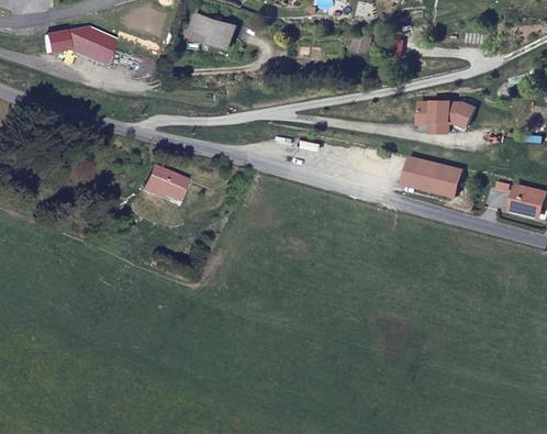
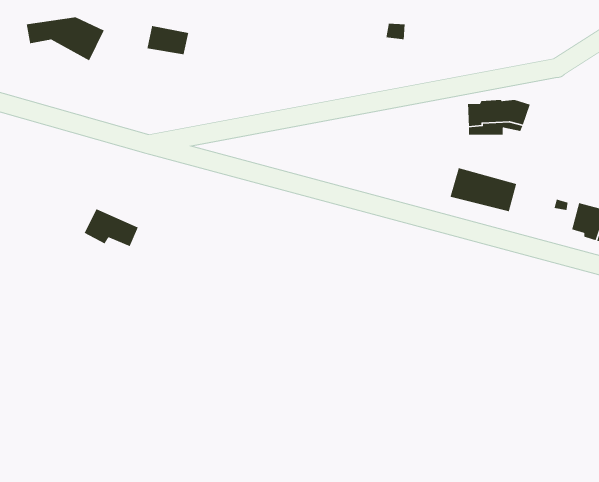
building: [189,23,226,49] -> [146,25,189,55]
building: [136,163,185,197] -> [84,208,139,247]

